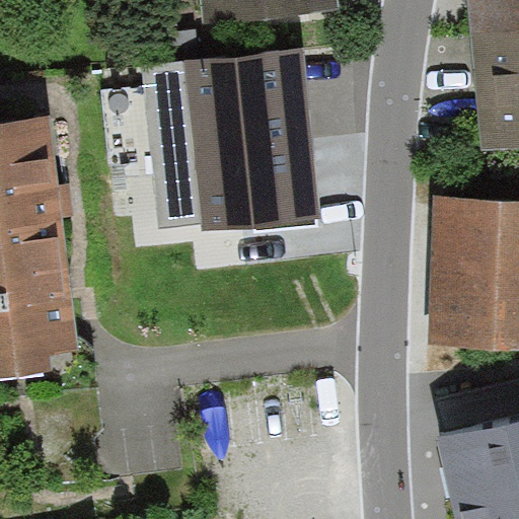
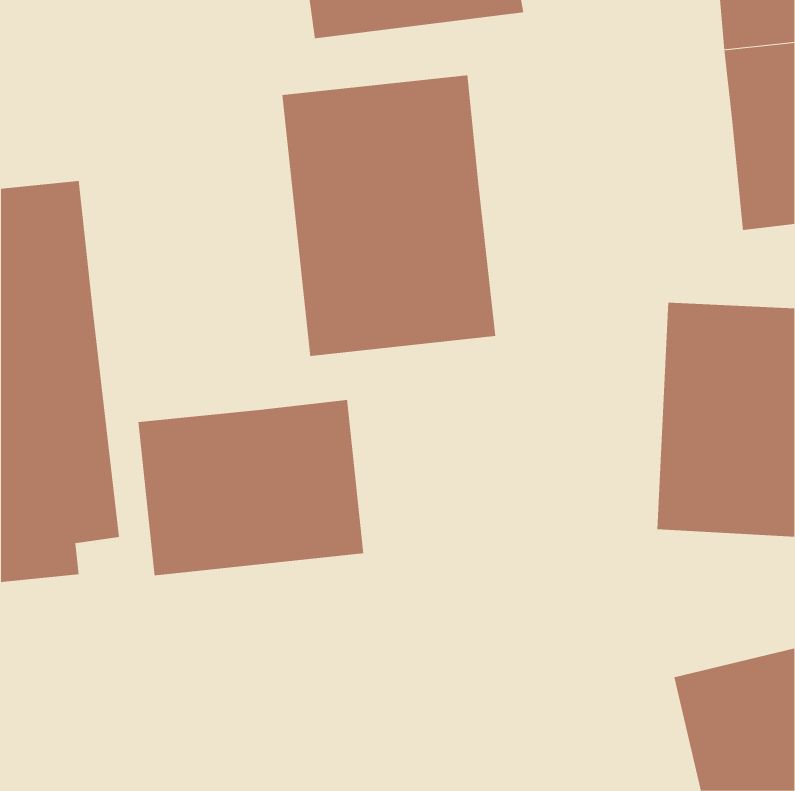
building: [142,62,201,228] -> none
building: none -> [138,399,364,576]

